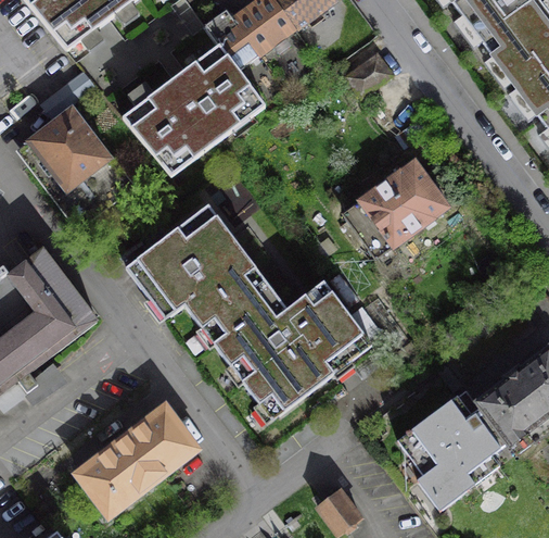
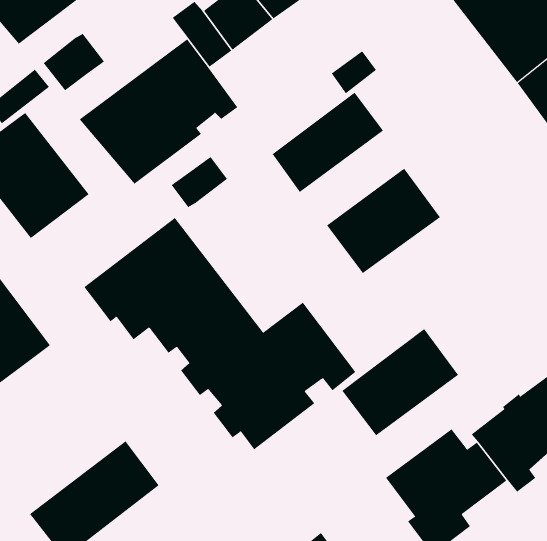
building: none -> [43,33,105,91]
building: none -> [272,92,384,193]
building: none -> [171,156,228,208]
building: none -> [341,328,459,436]

